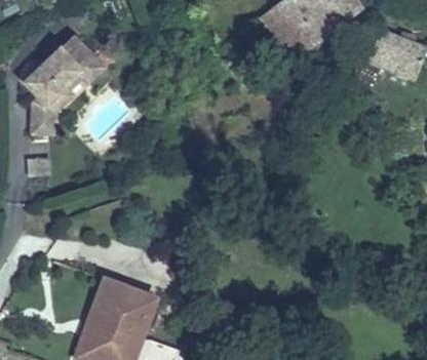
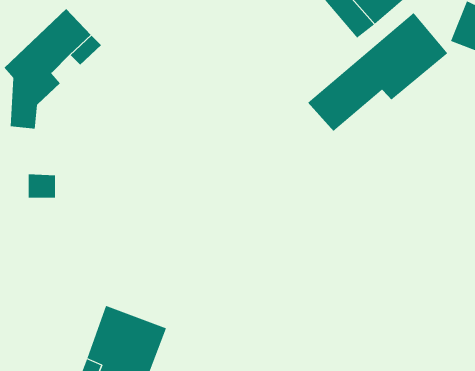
building: none -> [307,12,448,132]

